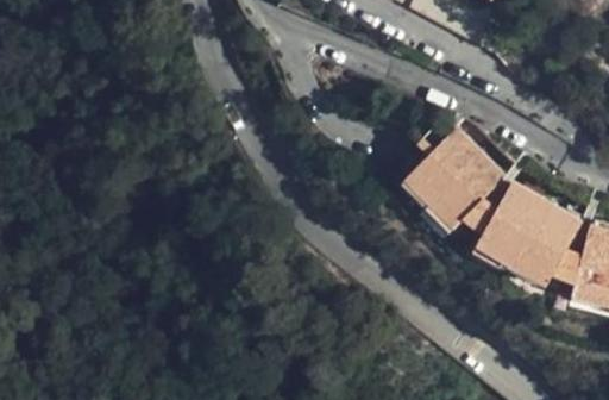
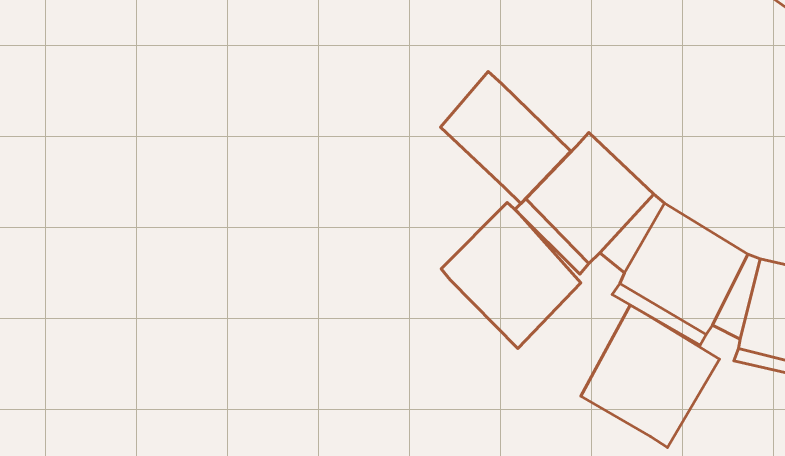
building: none -> [441,71,571,204]
building: none -> [441,203,581,348]
building: none -> [581,305,720,448]

